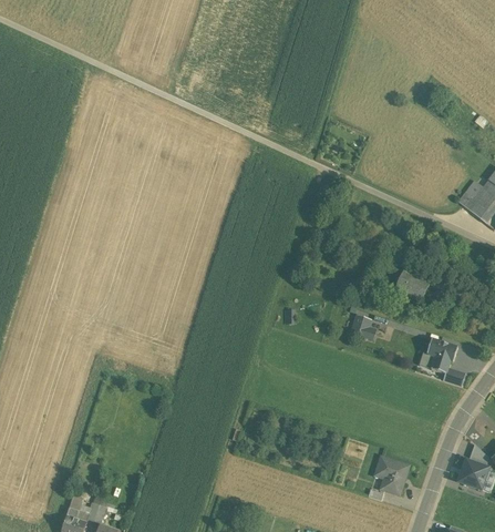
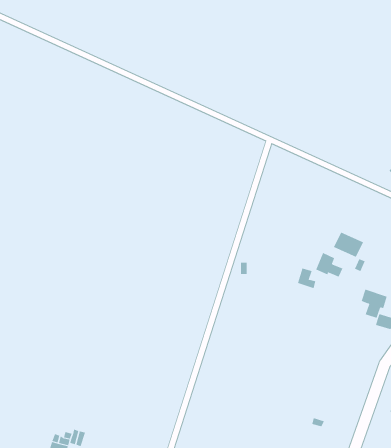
building: none -> [315,252,343,277]
building: [378,456,409,493] -> none

